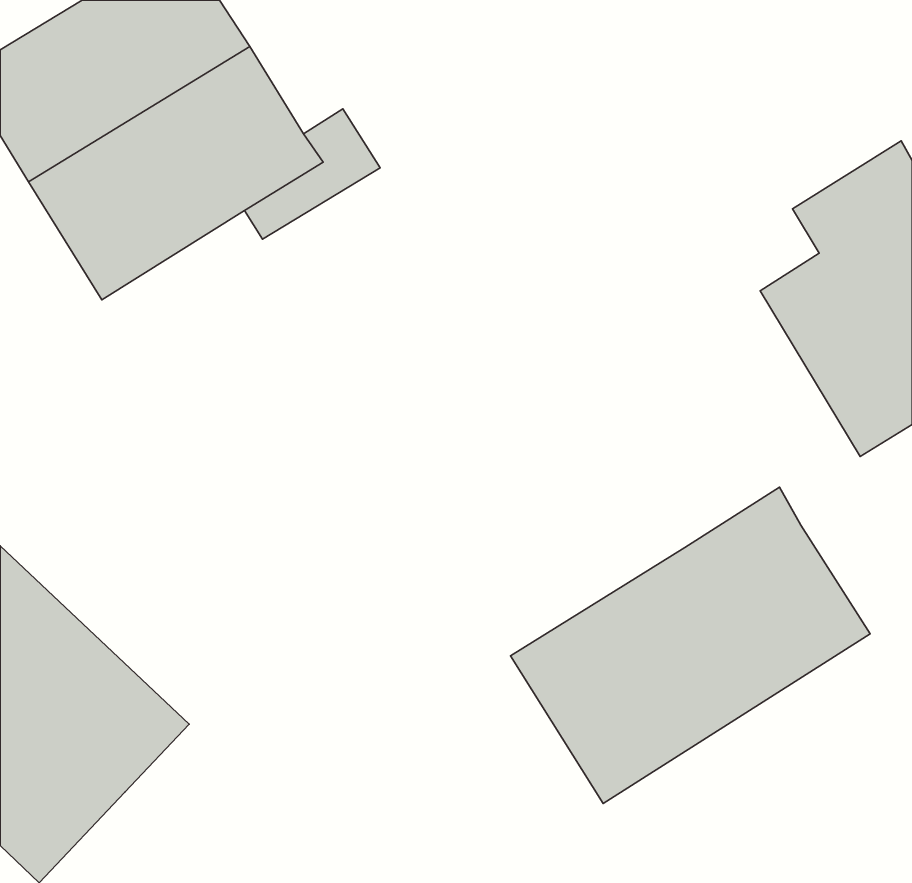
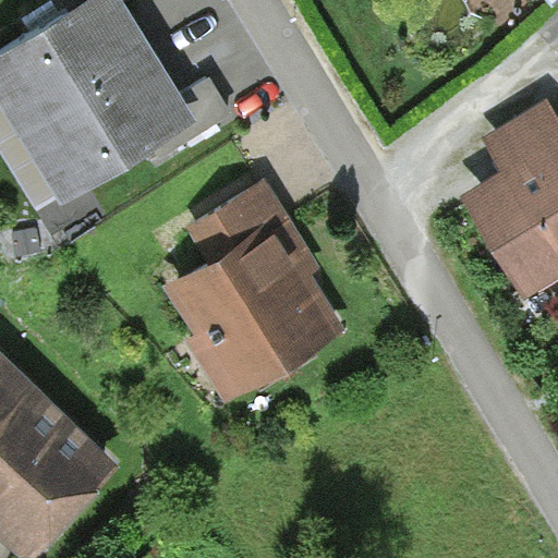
building: none -> [161,185,343,410]
building: [511,487,870,803] -> none

